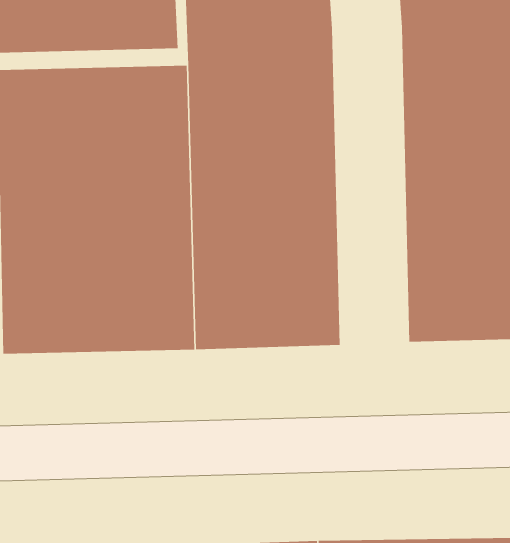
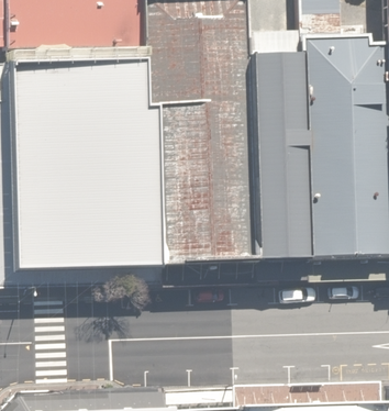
building: none -> [248,31,303,262]

